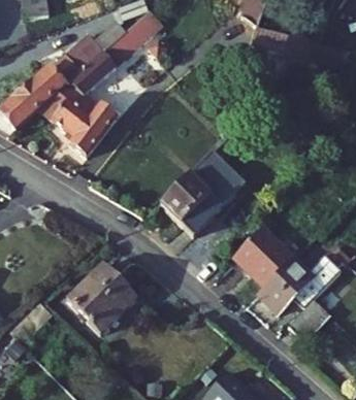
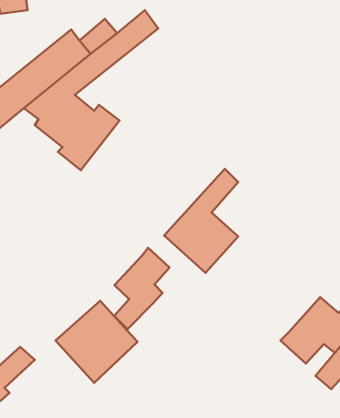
building: none -> [114,248,169,329]
building: [247,231,305,290] -> none

